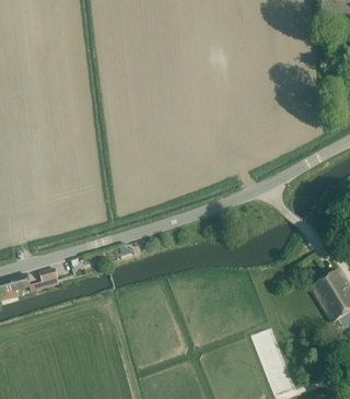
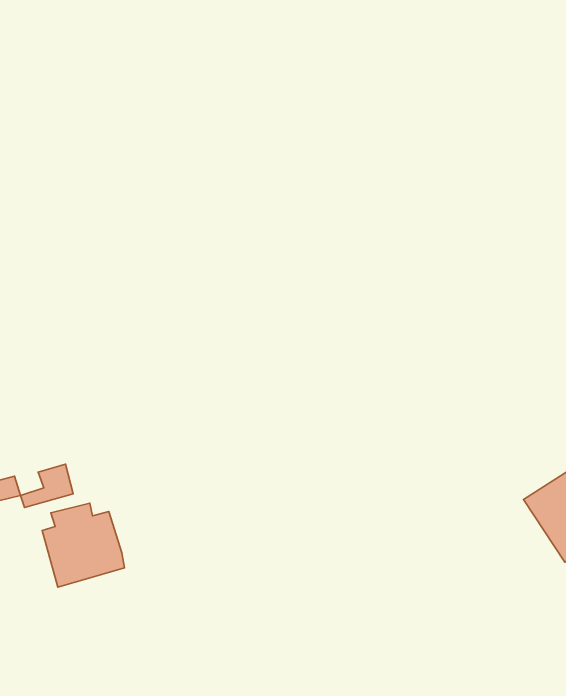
building: none -> [42,503,125,587]

